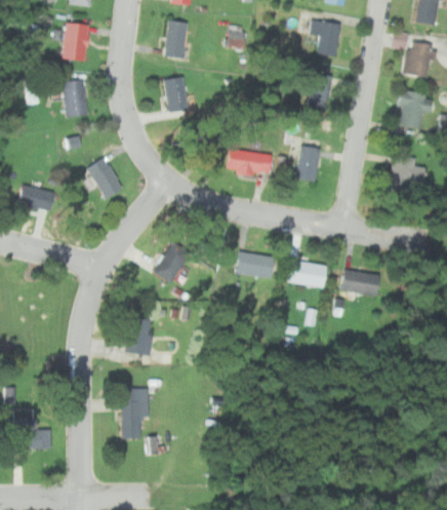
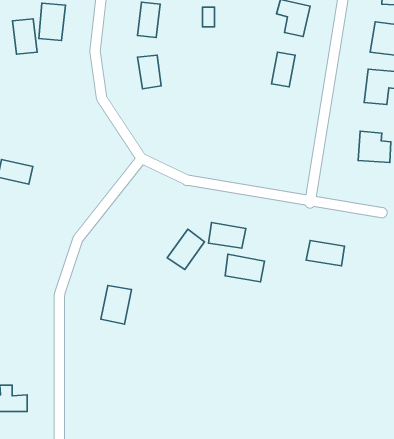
building: [60,80,86,117] -> [13,19,37,54]
building: [298,147,321,181] -> none
building: [229,149,274,175] -> none
building: [86,158,122,198] -> none
building: [153,241,192,283] -> [167,229,204,270]
building: [287,260,328,288] -> [225,254,264,282]
building: [123,389,149,439] -> none

